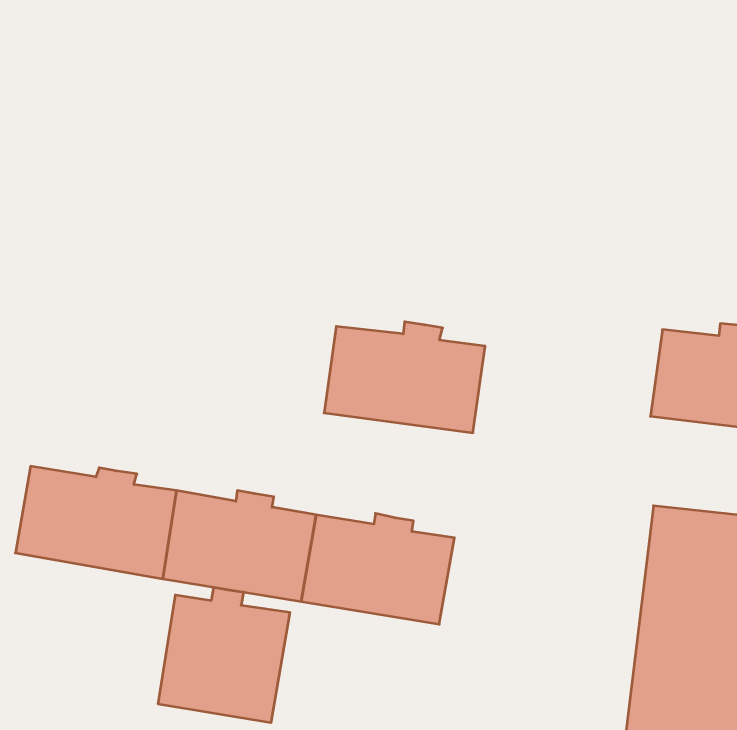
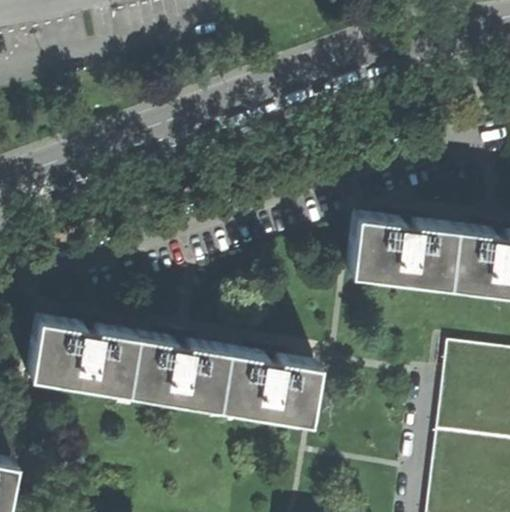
building: [324,322,485,433] -> [348,218,454,291]
building: [158,587,290,723] -> none

